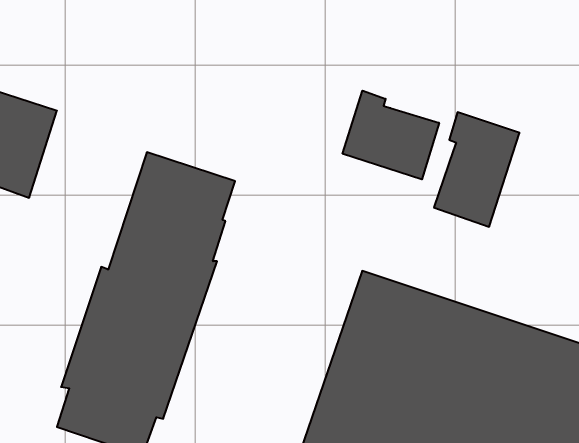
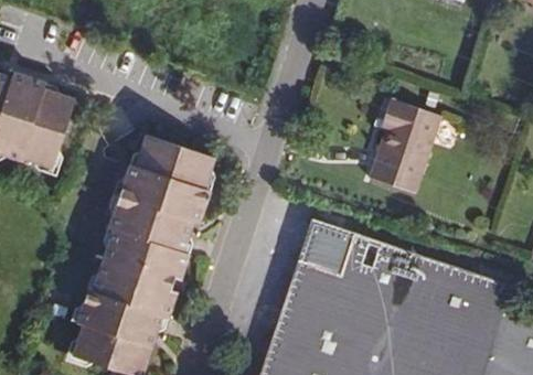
building: [343,91,439,179] -> none

